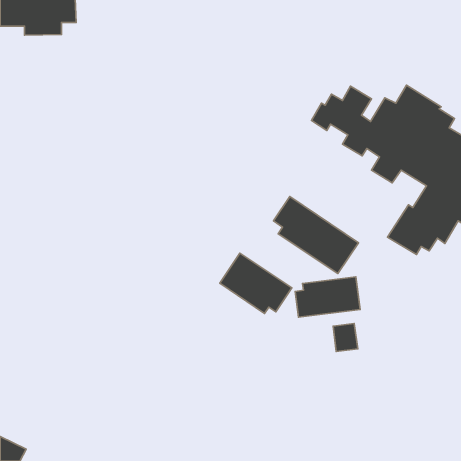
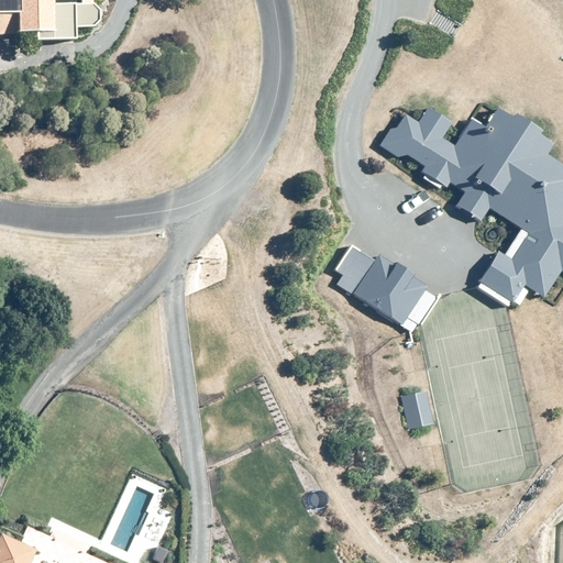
building: [220,253,292,314] -> none
building: [295,277,360,317] -> none

